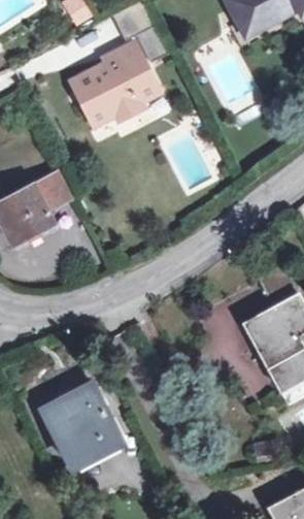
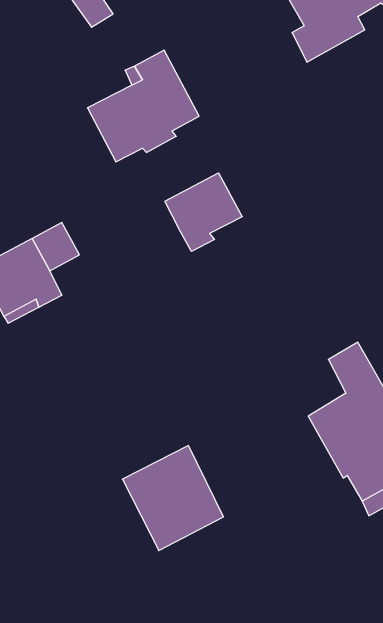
building: none -> [165,173,242,251]
building: [41,383,119,463] -> [122,446,223,551]

